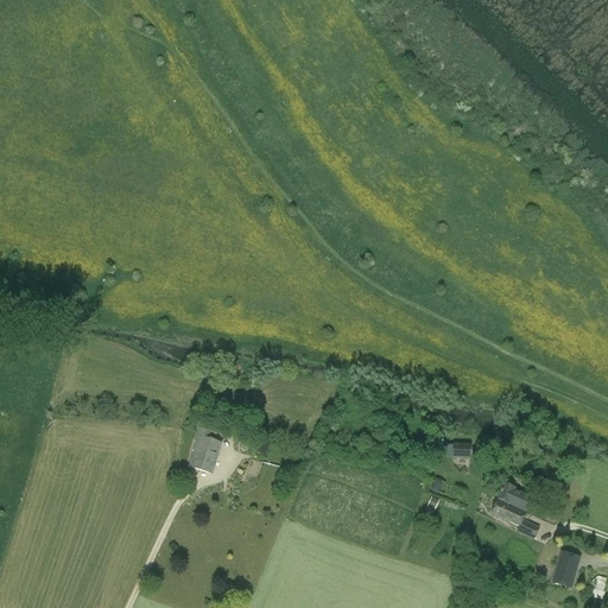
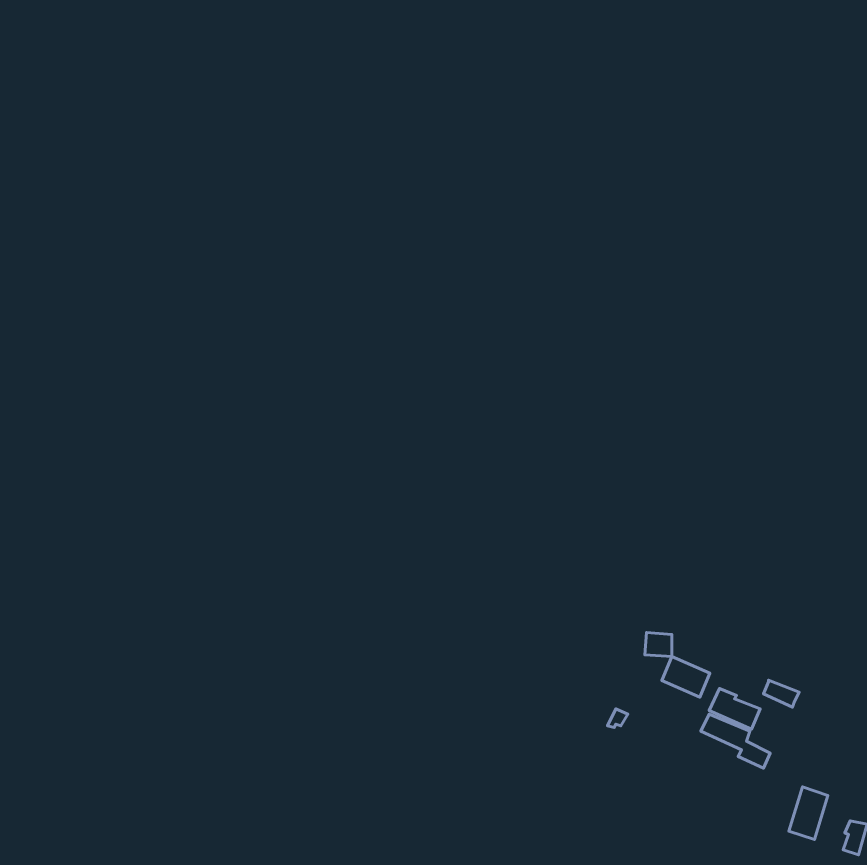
building: [190,428,221,473] -> none
building: none -> [662,656,710,697]

